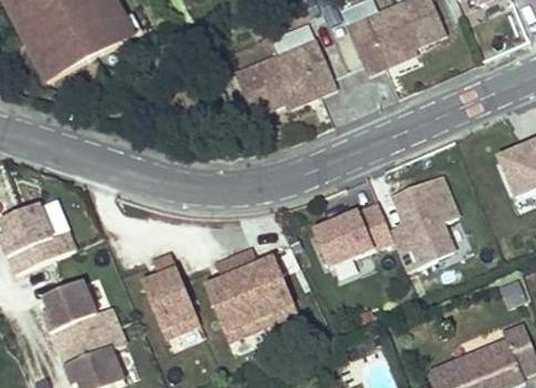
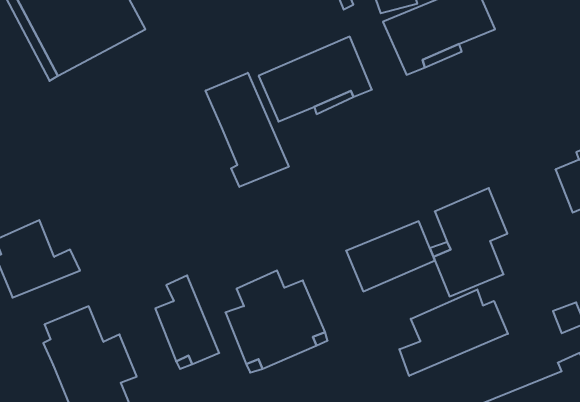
building: none -> [206,73,289,187]
building: none -> [399,289,508,376]

